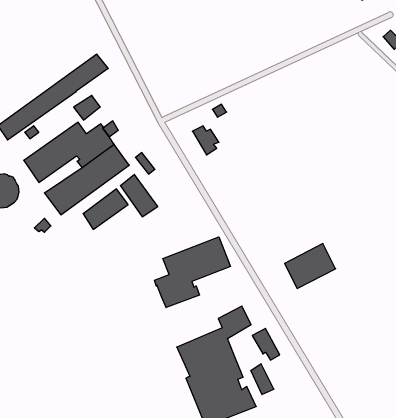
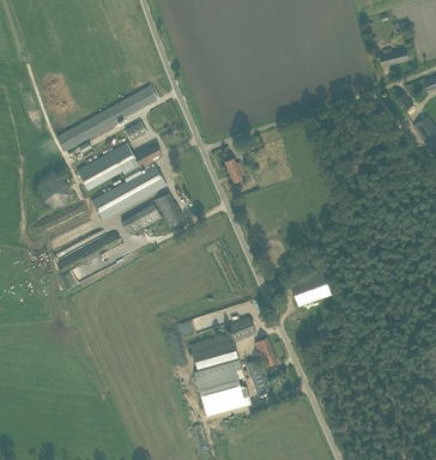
building: [154,237,231,308] -> none

